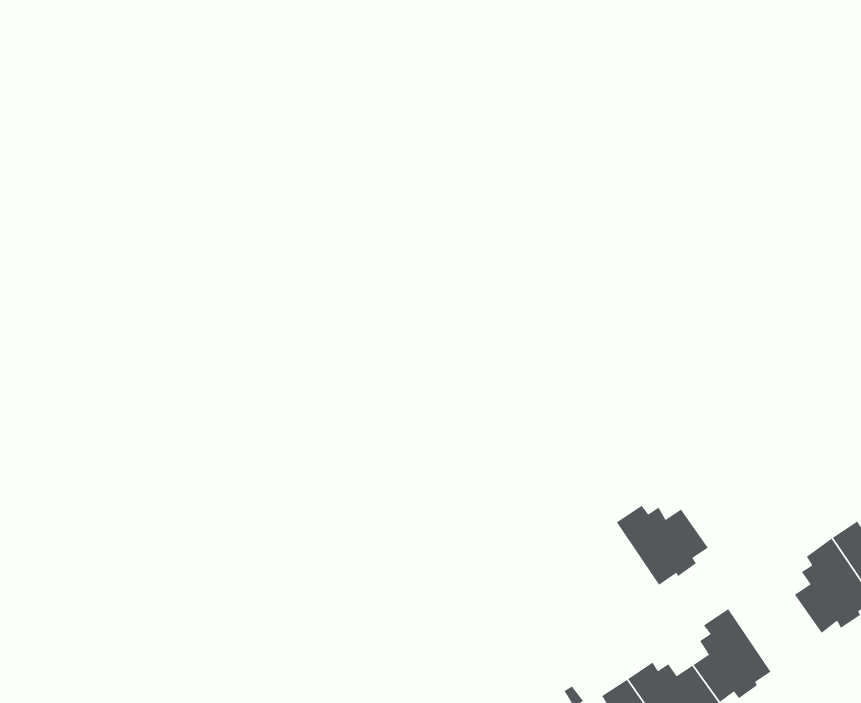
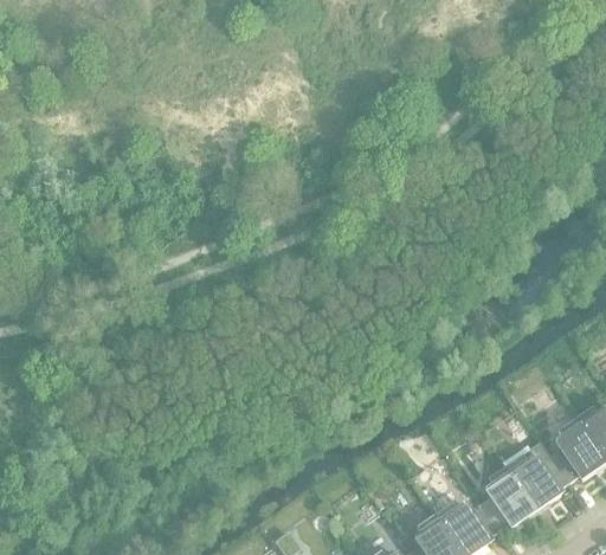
building: [616,505,709,586] -> [504,454,568,510]

